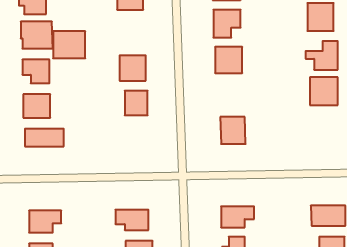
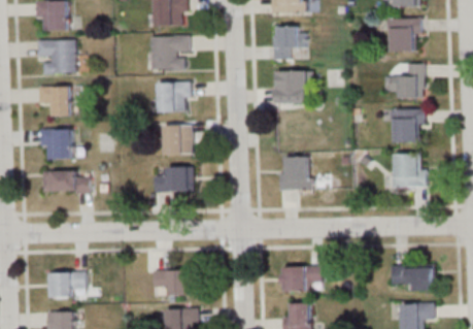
building: [53,31,85,58] -> [149,36,189,69]
building: none -> [392,154,426,187]
building: none -> [155,167,193,192]

